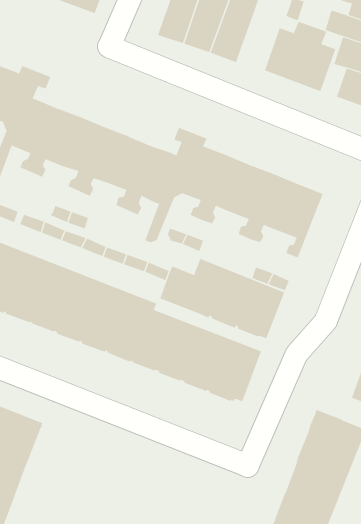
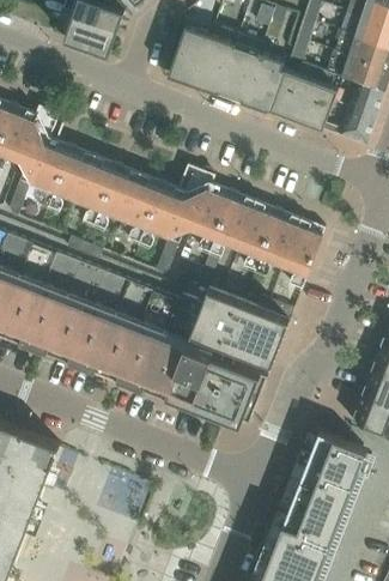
building: none -> [242,52,284,110]

